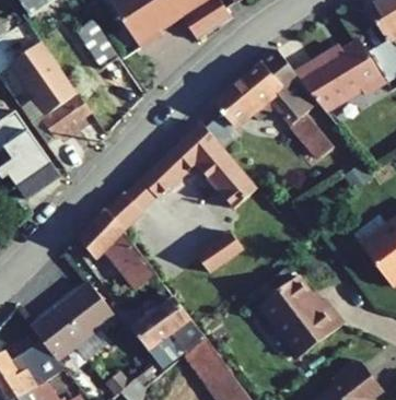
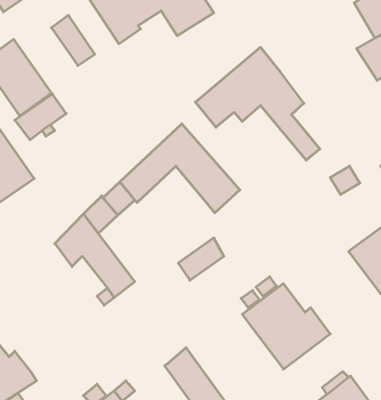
building: [295,39,385,111] -> none
building: [33,282,116,360] -> none
building: [132,297,206,367] -> none

